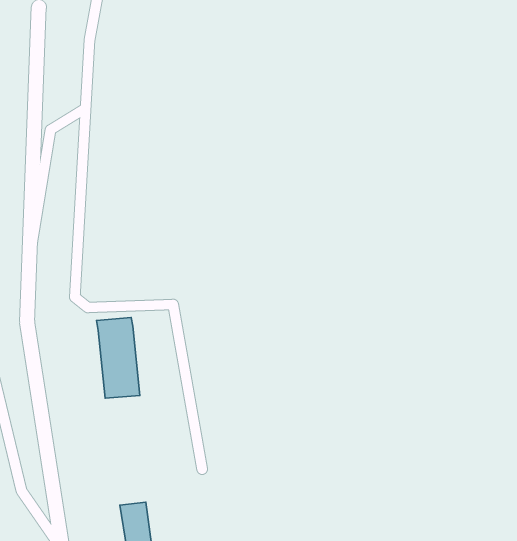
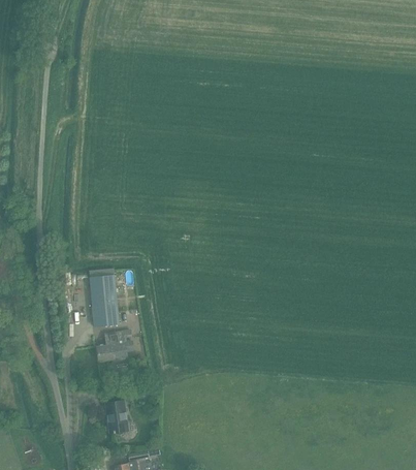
building: none -> [96,332,132,362]

